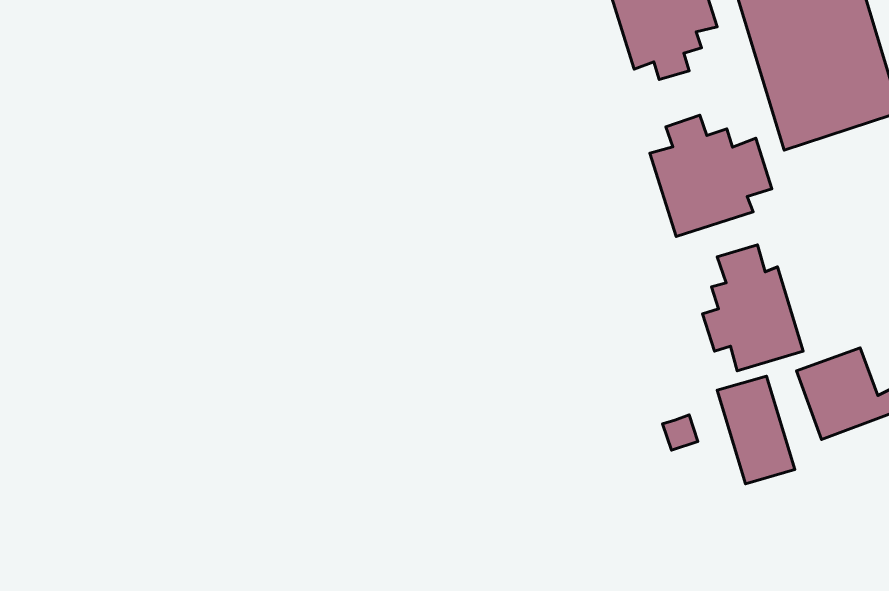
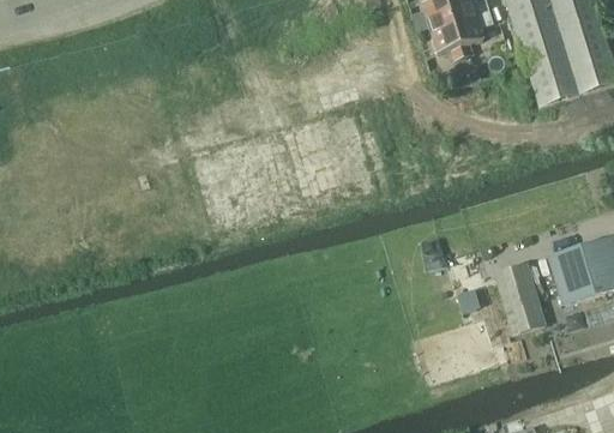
building: [650,115,772,236] -> none
building: [703,245,803,371] -> none

